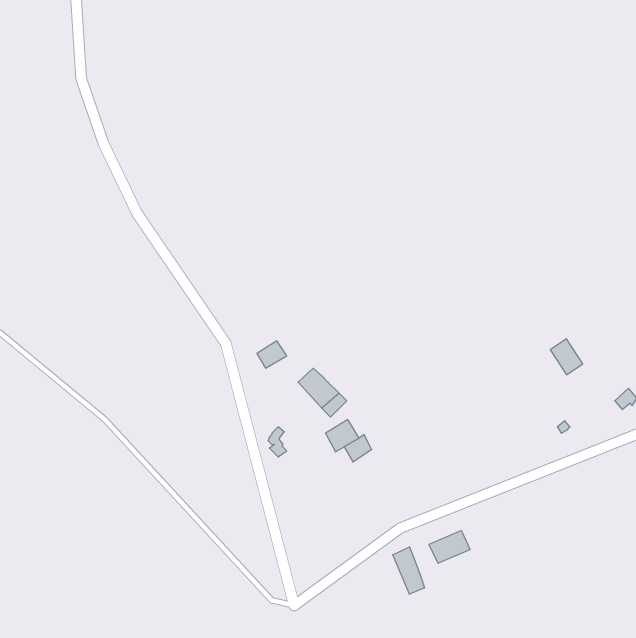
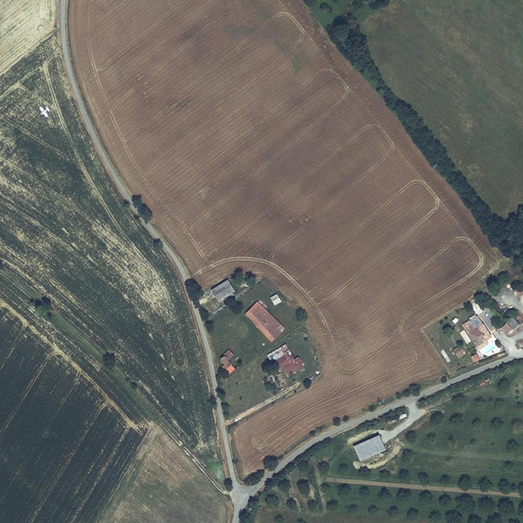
building: [550,339,583,375] -> [467,316,493,345]
building: [393,547,425,594] -> none

